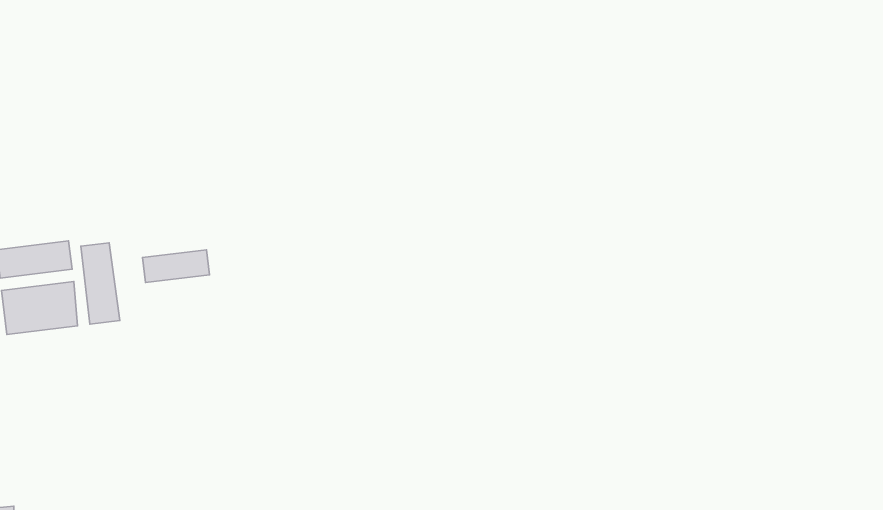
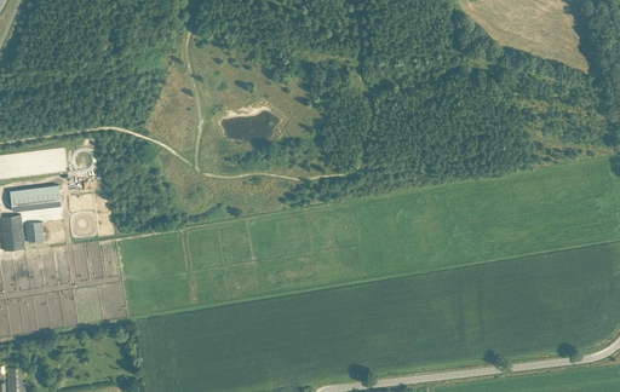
building: [142,250,210,282] -> none

